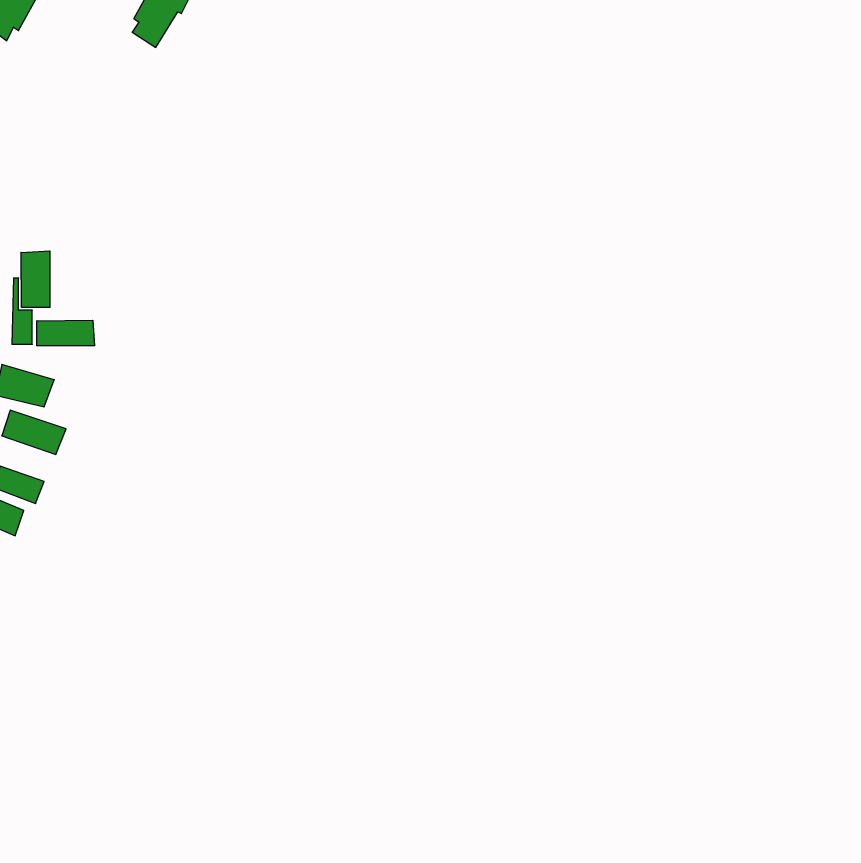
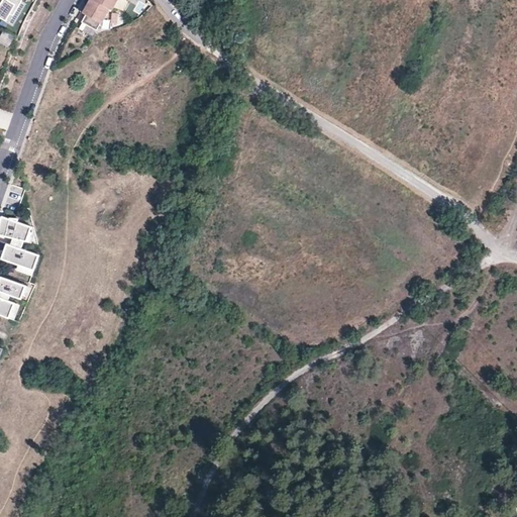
building: [21,251,50,307] -> none
building: [37,320,94,346] -> none

